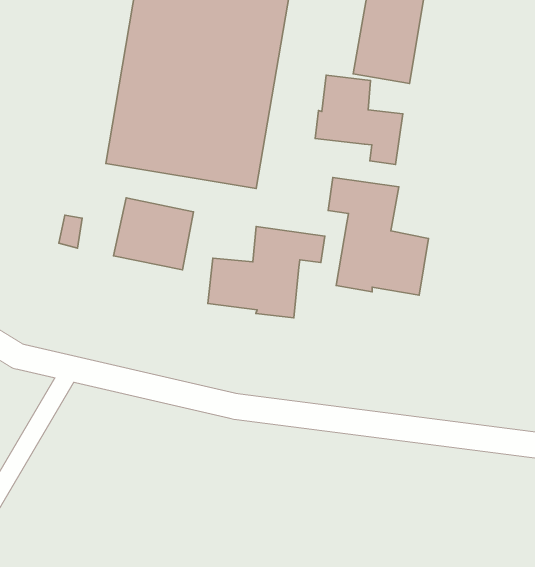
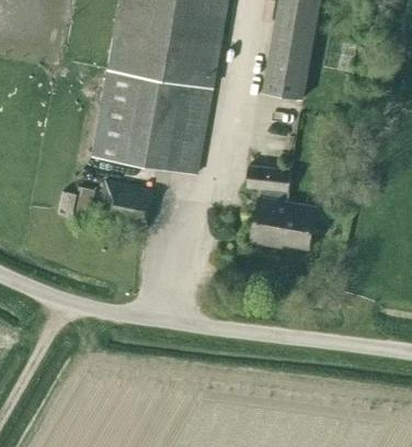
building: [315,75,403,164] -> none
building: [208,226,325,318] -> none

